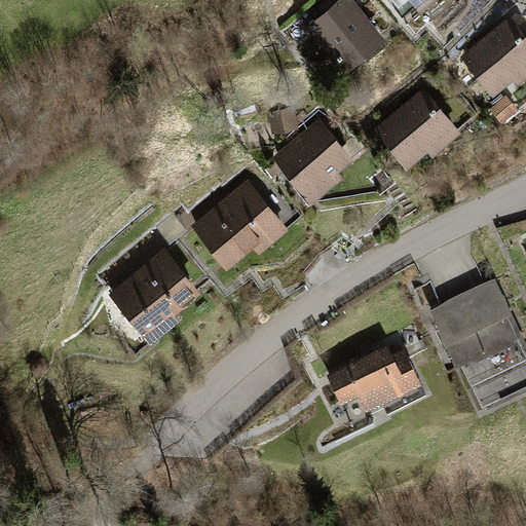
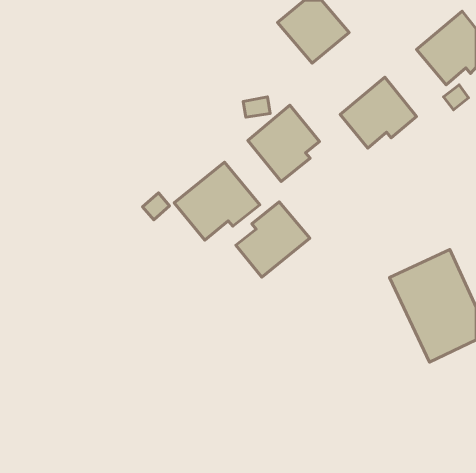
building: none -> [236,202,310,277]
building: [108,247,203,345] -> none
building: [325,345,420,411] -> none

